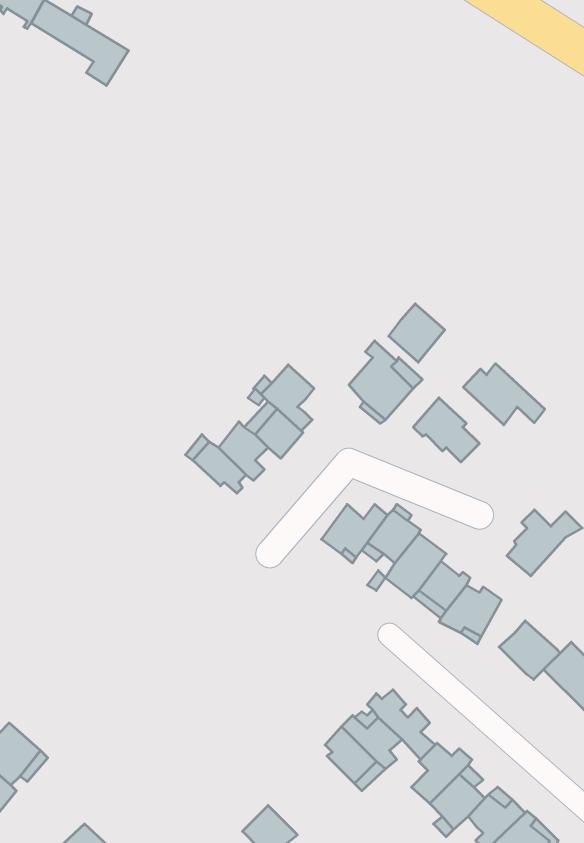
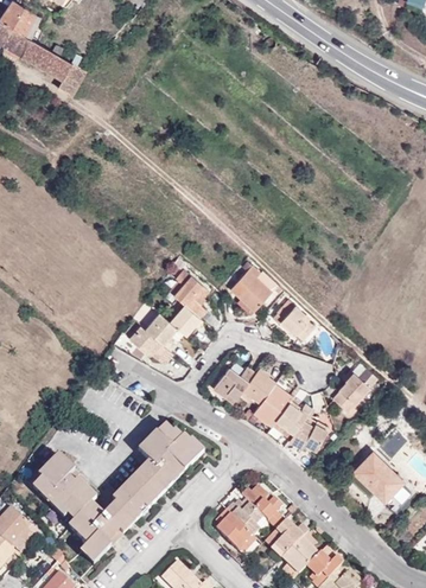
building: [389,304,445,362] -> none
building: [463,364,545,425] -> none
building: none -> [31,424,203,565]
building: [499,621,560,680] -> none

